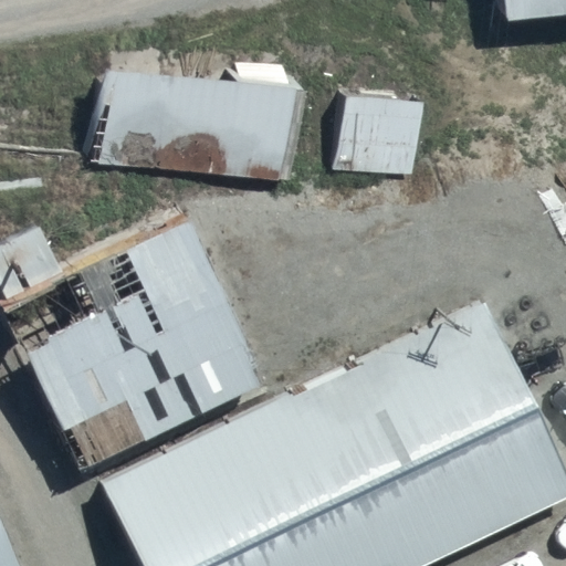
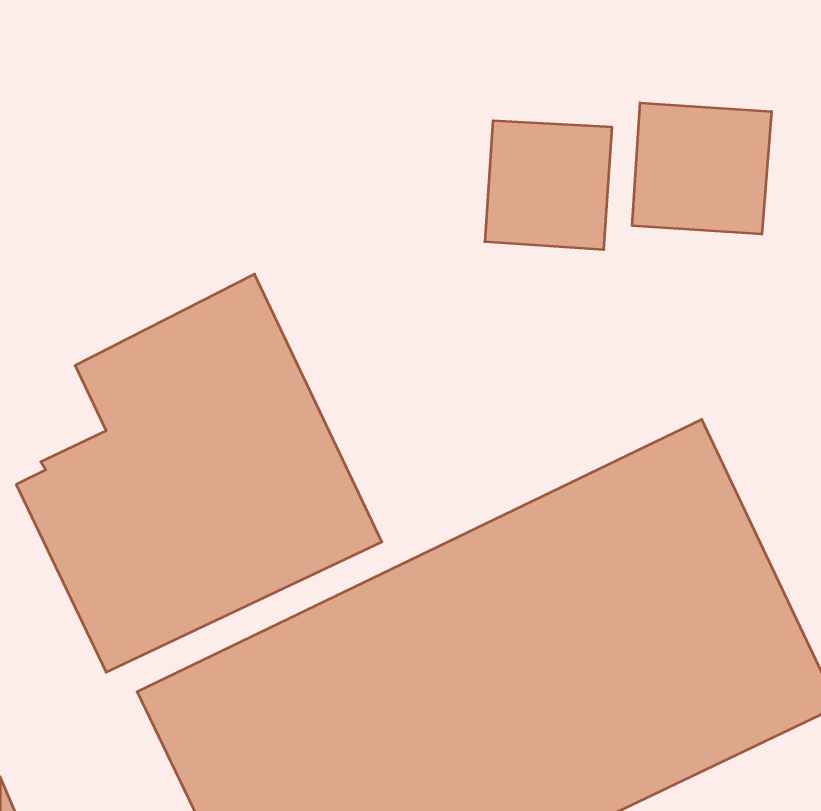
building: [91,64,301,195] -> none
building: none -> [632,103,771,234]

